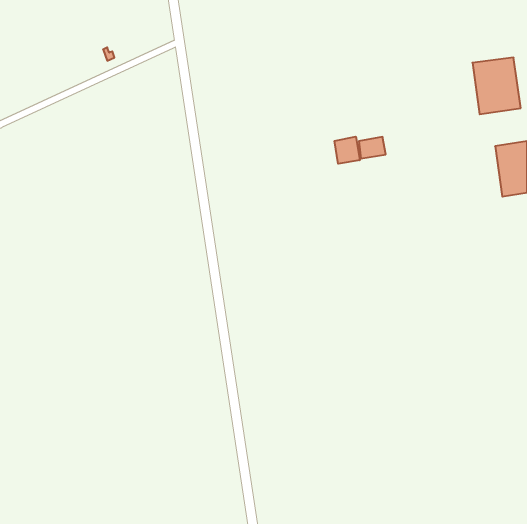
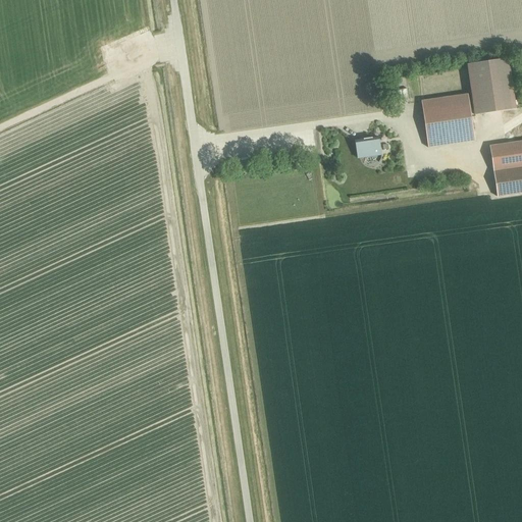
building: none -> [421,93,474,146]
building: [335,137,360,164] -> none

